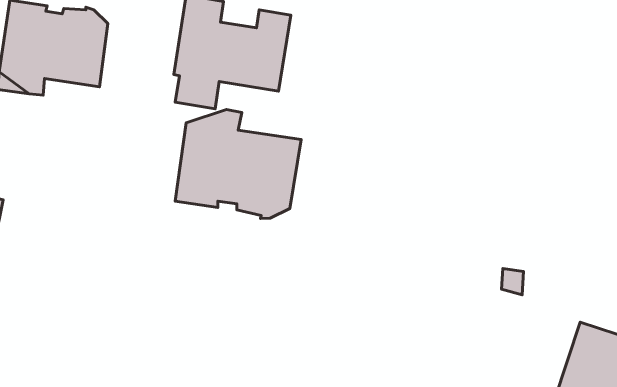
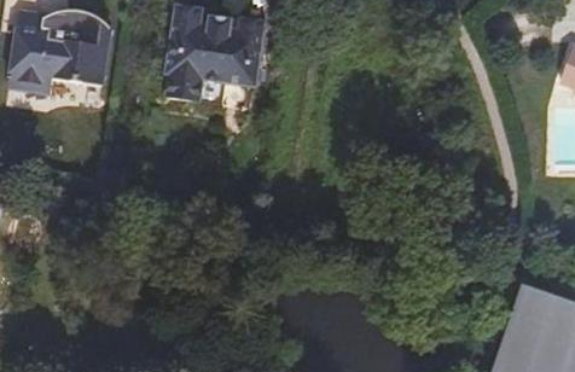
building: [175,110,301,219] -> none

